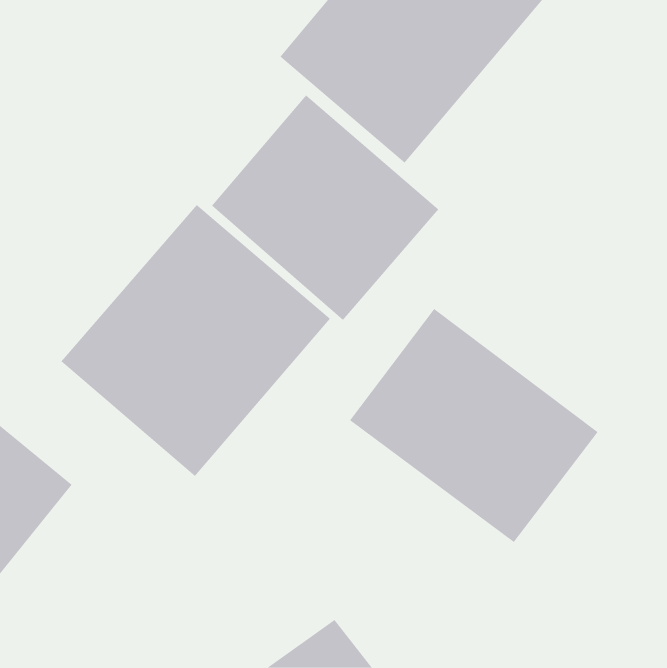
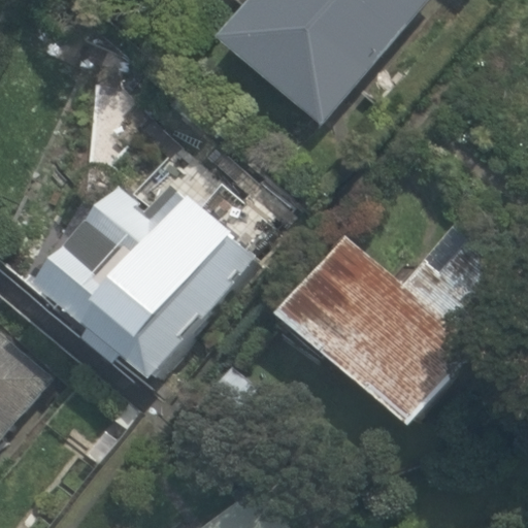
building: [211,94,439,321] -> none

